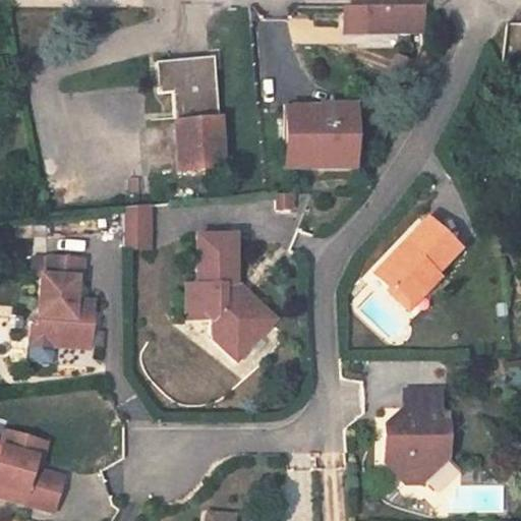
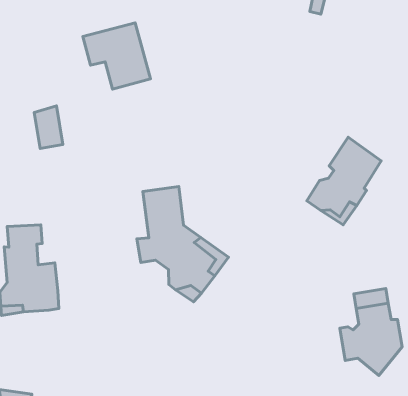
building: [288,108,352,166] -> none
building: [185,117,233,169] -> none
building: [122,205,148,247] -> [34,106,63,148]

